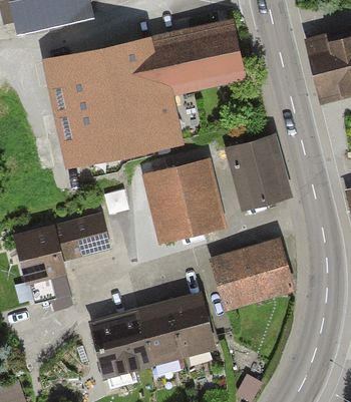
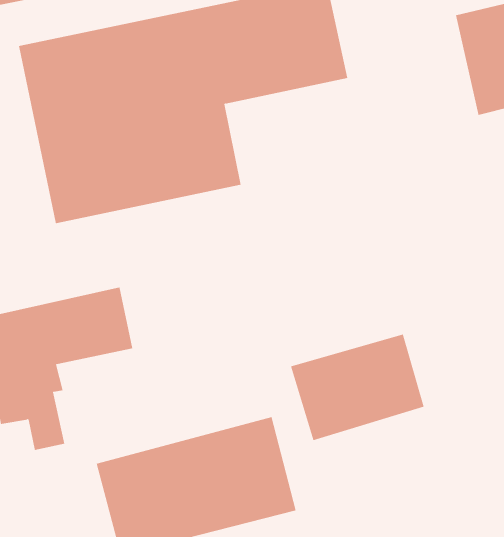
building: [224,136,293,212] -> none
building: [142,161,225,240] -> none

